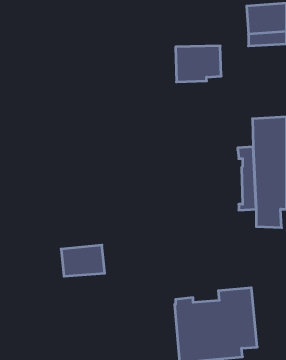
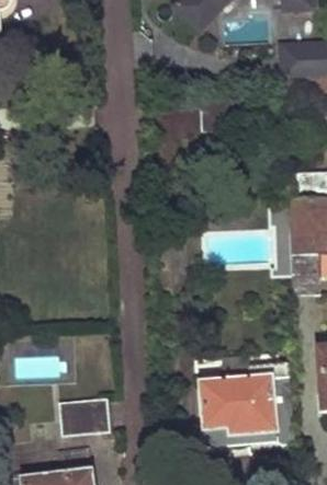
building: [61,245,105,276] -> [59,397,109,432]

